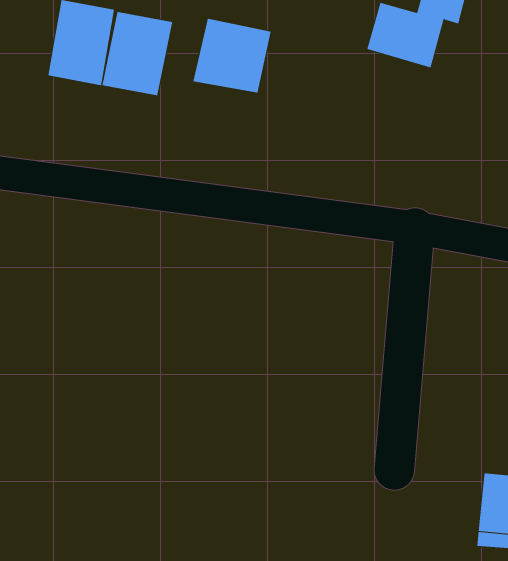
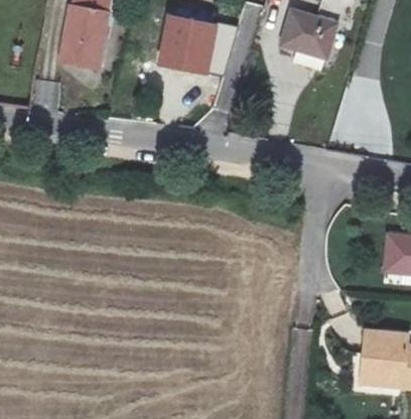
building: [102,11,173,96] -> none

